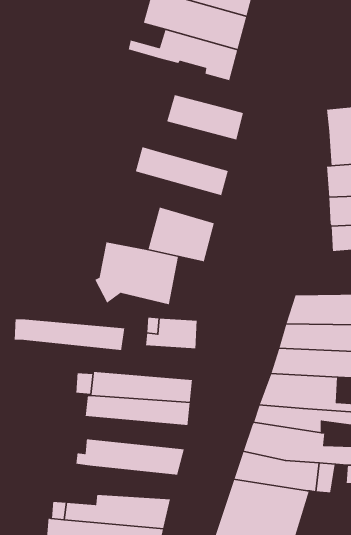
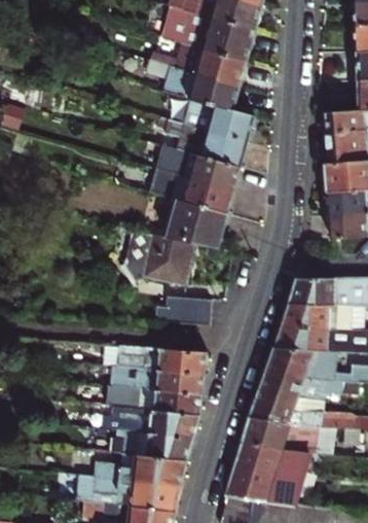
building: none -> [146,60,240,110]
building: none -> [157,117,246,167]
building: none -> [149,168,232,213]
building: [14,318,125,351] -> [104,385,203,414]
building: none -> [110,429,193,458]

